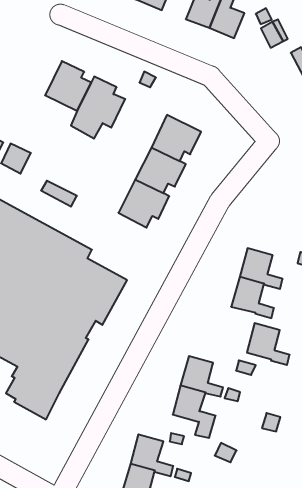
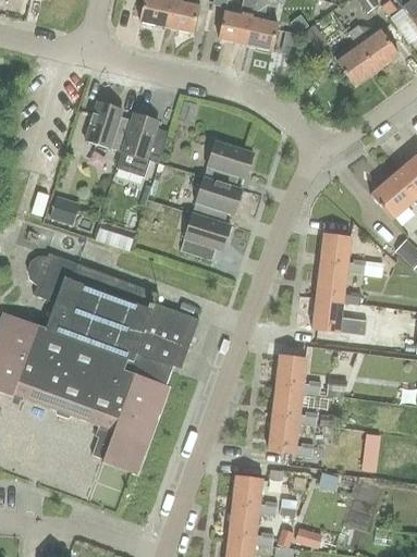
building: none -> [319,234,365,271]
building: [247,323,290,365] -> [275,355,320,393]

